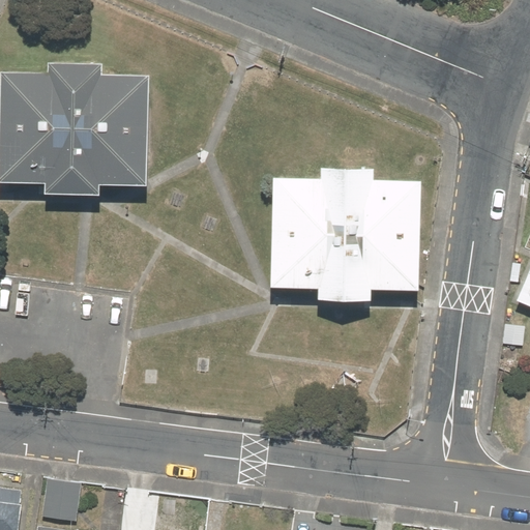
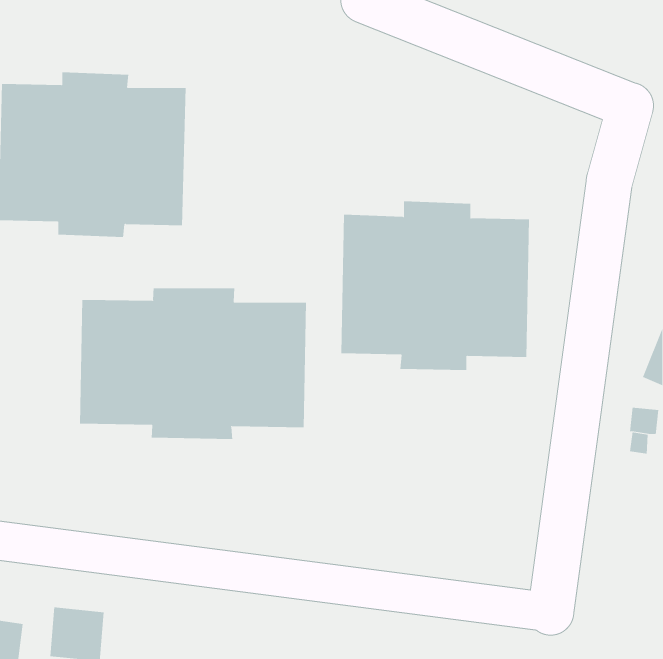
building: none -> [79,287,306,440]

